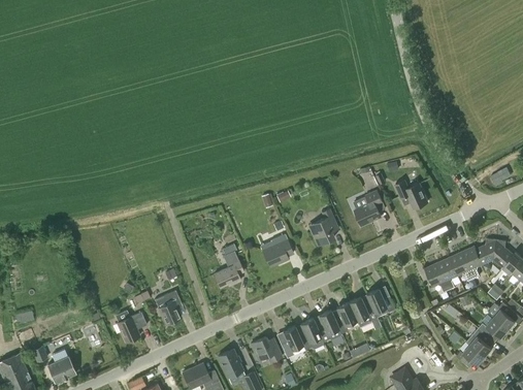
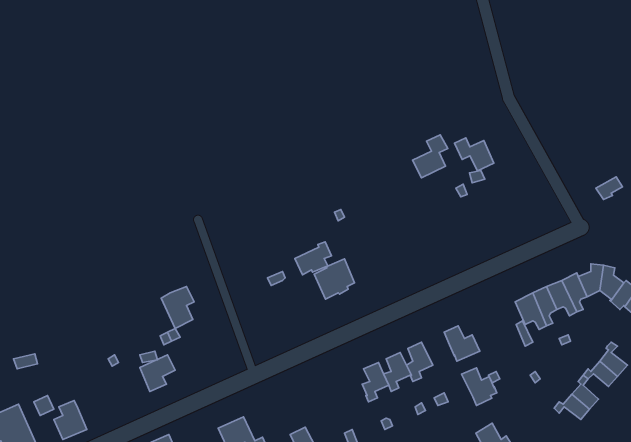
building: [395,181,427,207] -> [455,138,494,171]
building: [354,190,383,225] -> [413,135,448,178]
building: [308,208,334,245] -> none
building: [214,260,243,287] -> [295,242,332,275]
building: [155,290,182,324] -> [161,287,194,328]
building: [348,296,377,327] -> [461,368,497,406]
building: [281,326,303,357] -> none
building: [251,336,282,361] -> none
building: [218,349,242,377] -> none

